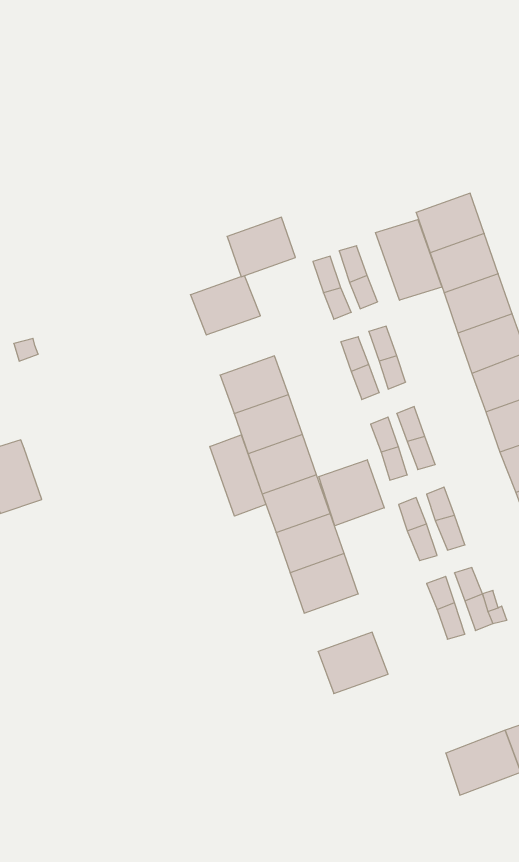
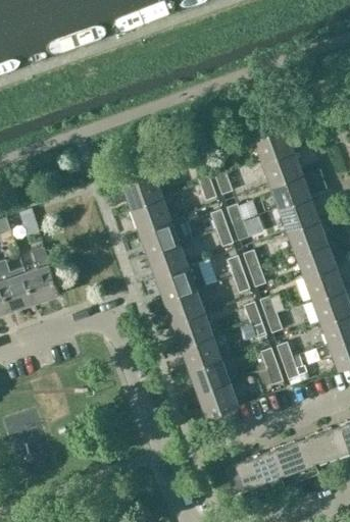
building: [227,217,295,277] -> [132,198,171,232]
building: [376,219,442,300] -> none
building: none -> [26,249,59,305]
building: [210,435,266,516] -> none
building: [319,460,384,526] -> none
building: none -> [189,360,229,394]
building: none -> [236,453,280,489]

